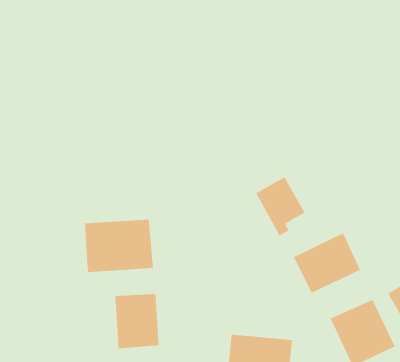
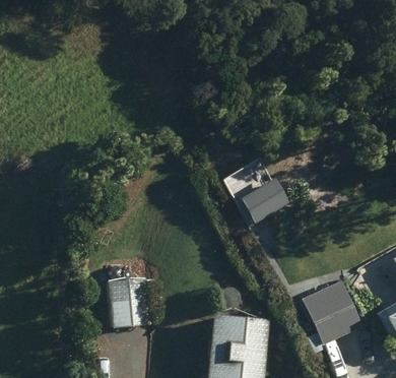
building: [84,219,154,273] -> none
building: [293,233,361,293] -> none

